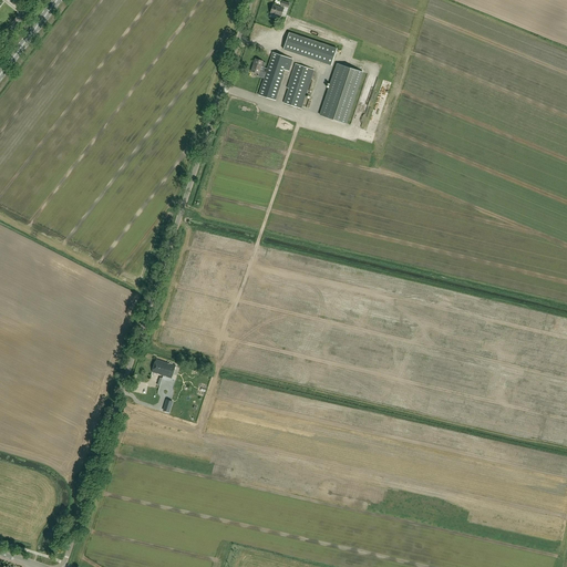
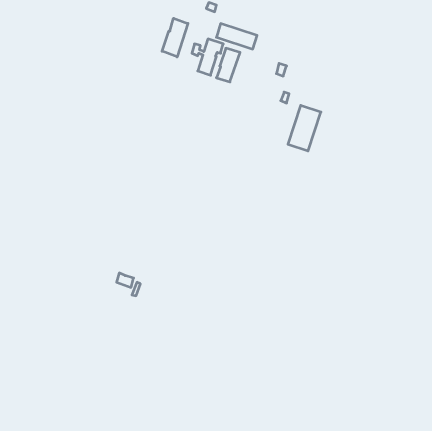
building: none -> [162,18,188,57]
building: [320,62,363,122] -> [288,105,321,151]

